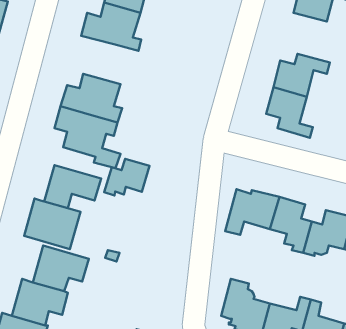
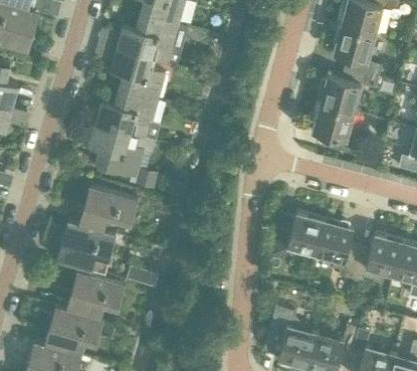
building: none -> [333,26,382,78]
building: none -> [110,50,165,102]
building: [104,159,149,195] -> none

